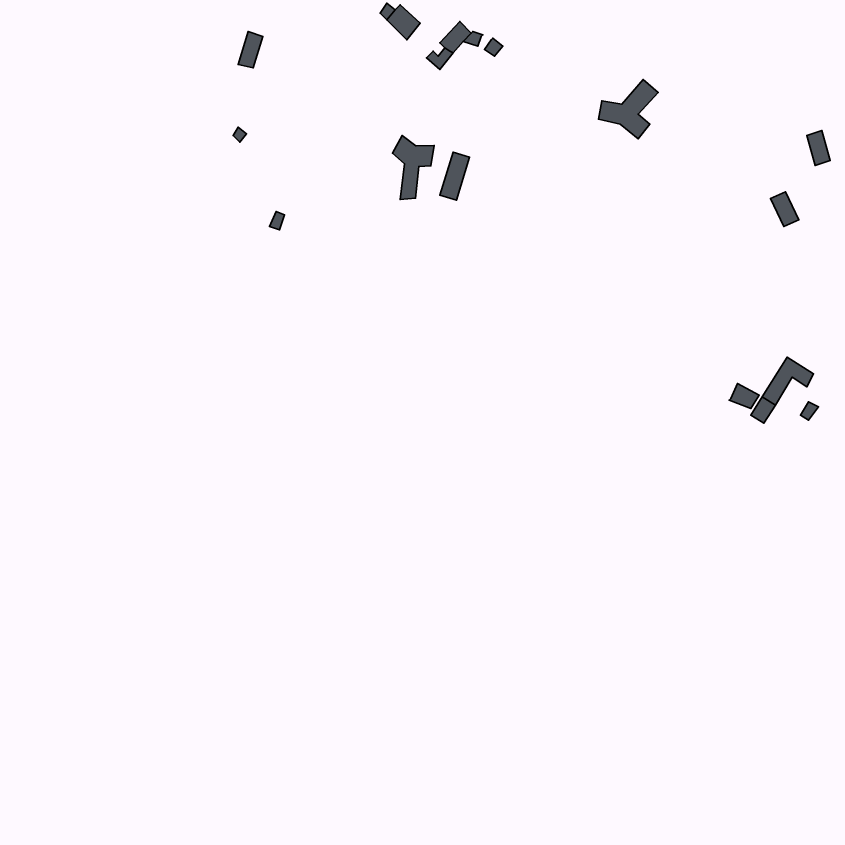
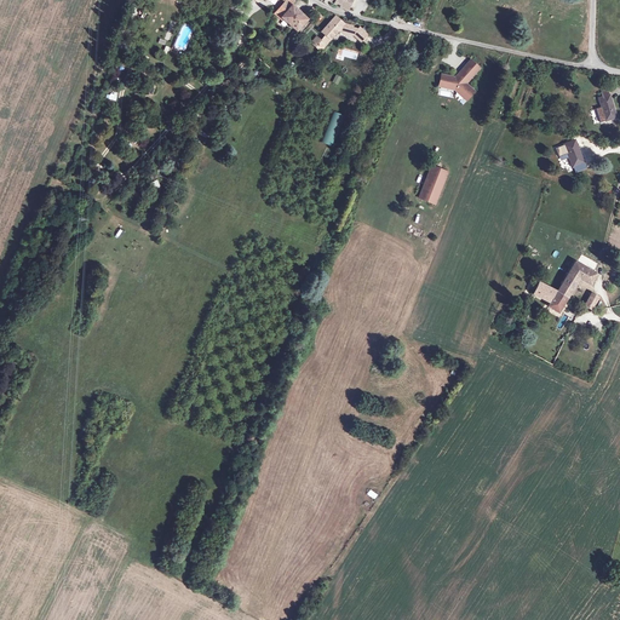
building: [393,136,434,199] -> none
building: none -> [419,165,449,205]

